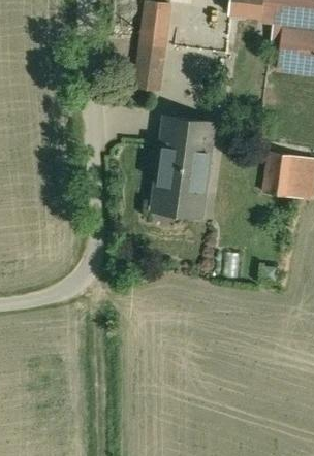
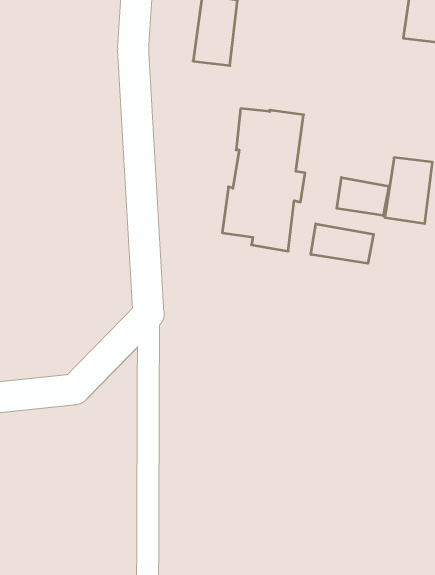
building: none -> [337,177,389,216]
building: none -> [311,224,374,263]

